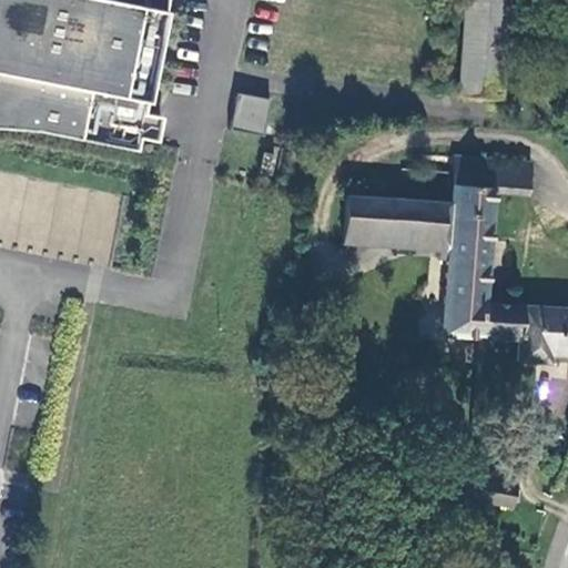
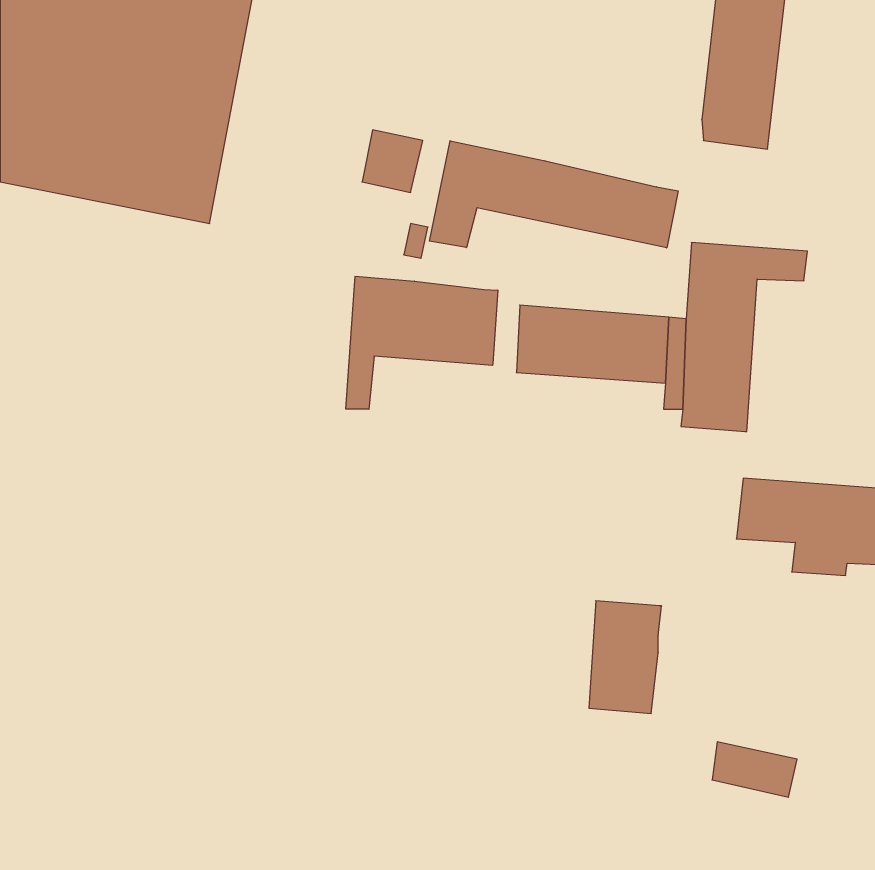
building: none -> [429,141,678,248]
building: none -> [346,276,498,409]
building: [438,273,485,345] -> [589,601,662,713]

